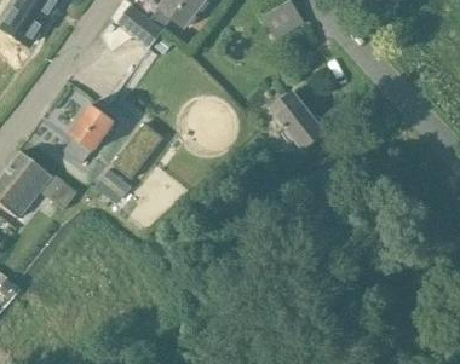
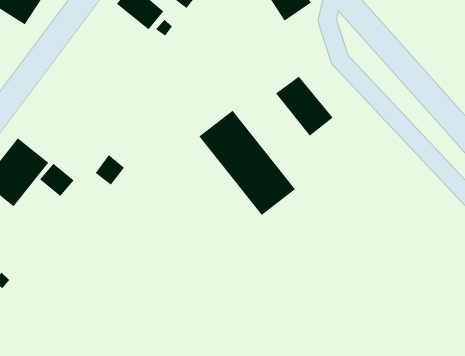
building: [64,103,114,162] -> none
building: none -> [199,110,296,216]

